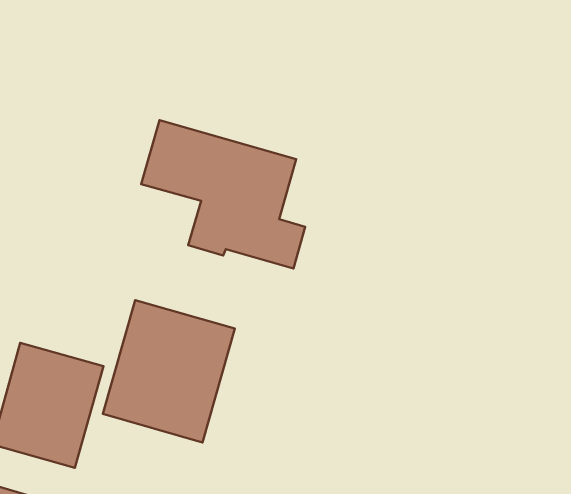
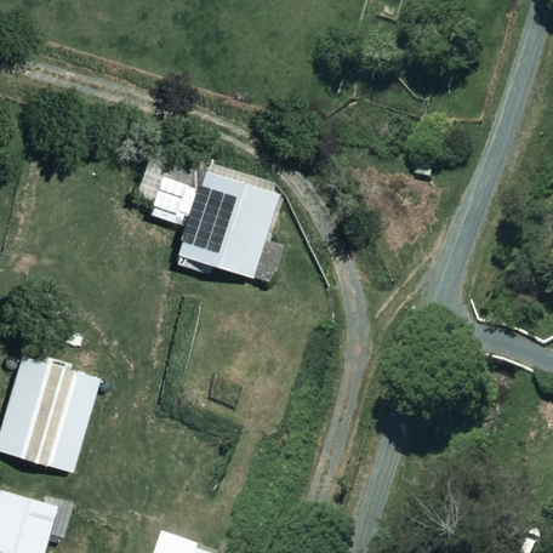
building: [103,300,235,442] -> none

